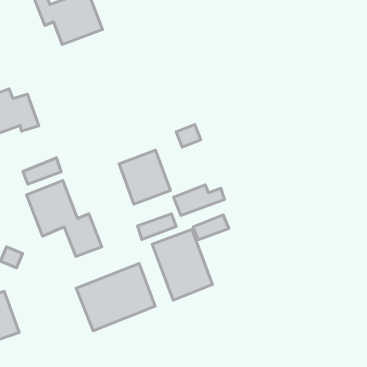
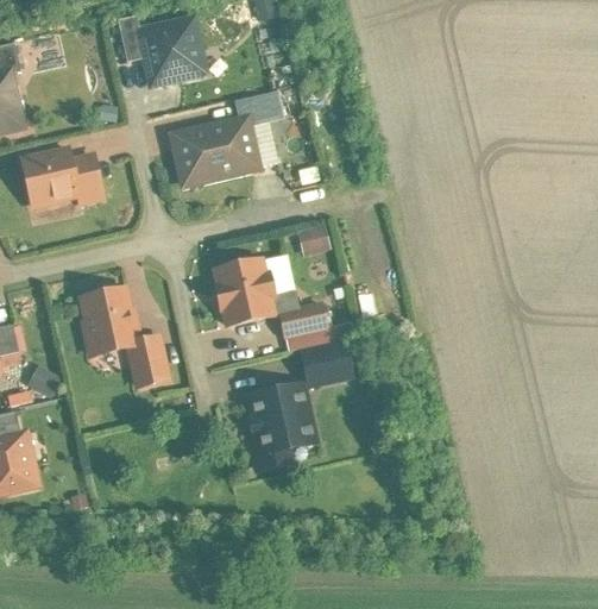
building: none -> [168,90,283,189]
building: [23,158,61,184] -> none
building: [138,214,176,239] -> none
building: [76,263,155,331] -> none

